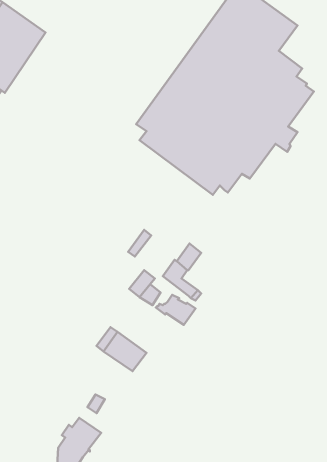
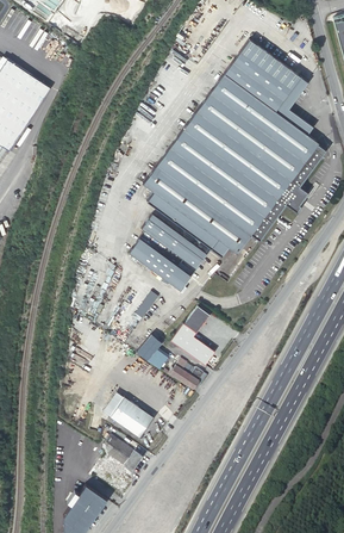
building: none -> [142,213,207,268]
building: none -> [129,238,190,290]
building: none -> [106,434,140,471]

